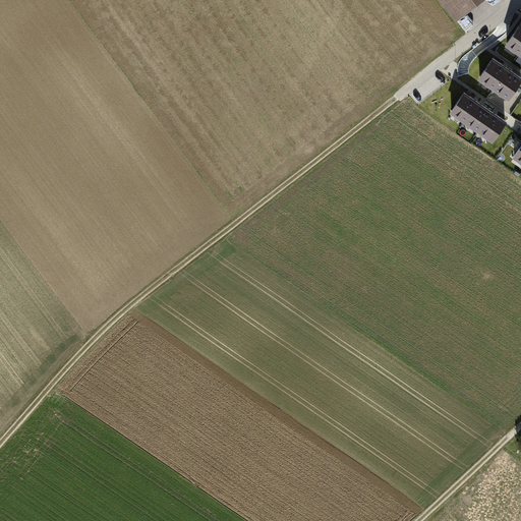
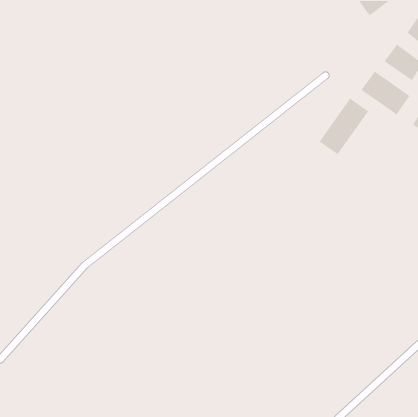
building: none -> [319,98,369,155]

